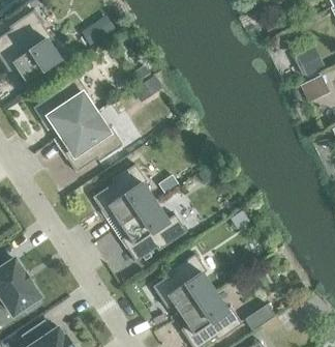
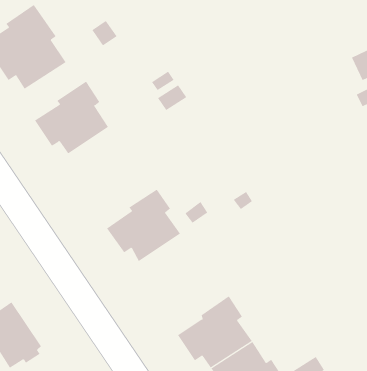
building: [61,112,123,171] -> none
building: [120,201,187,261] -> none

